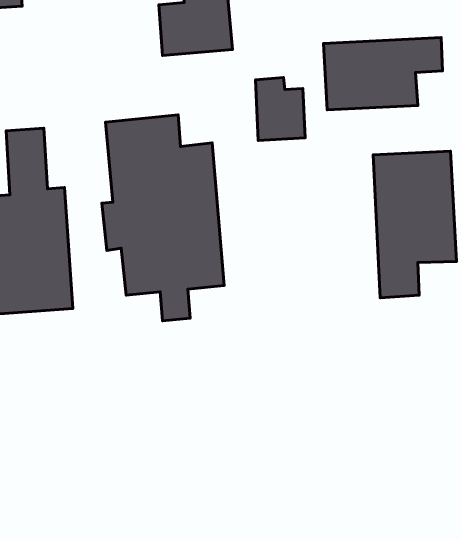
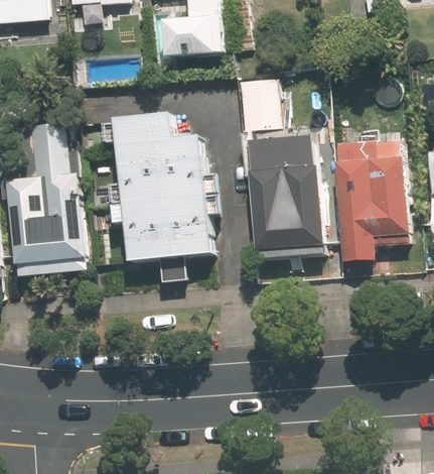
building: [324,38,442,110] -> none
building: none -> [246,134,331,255]

